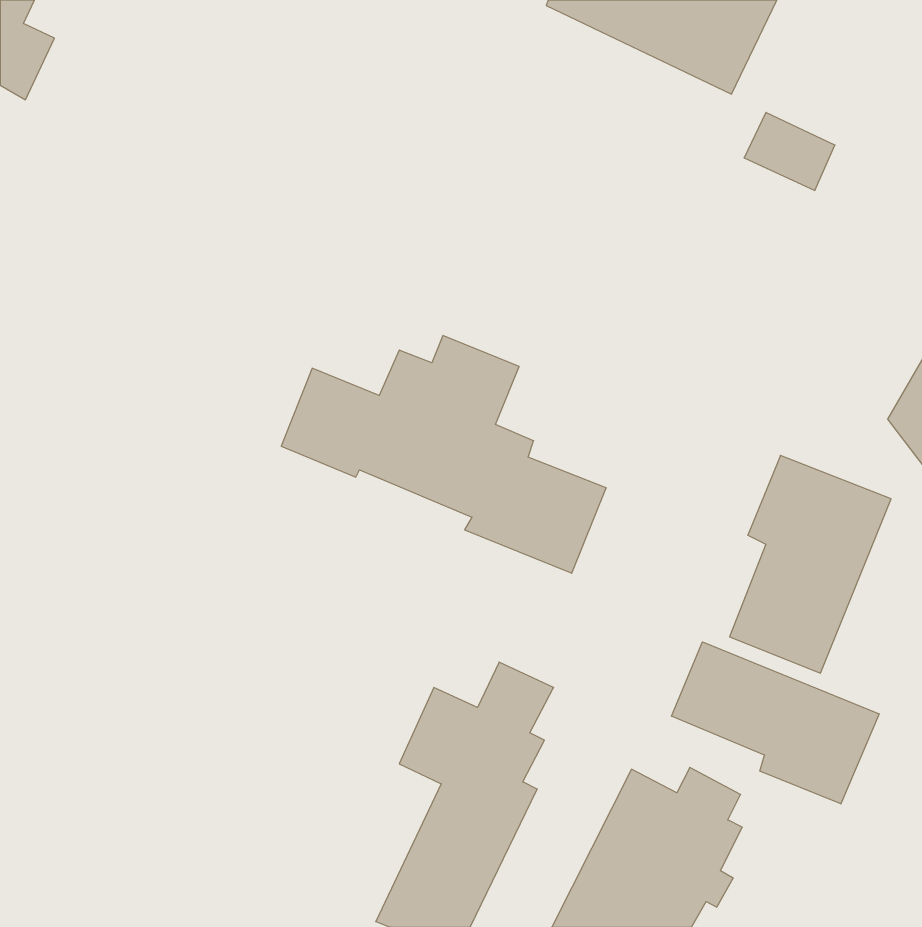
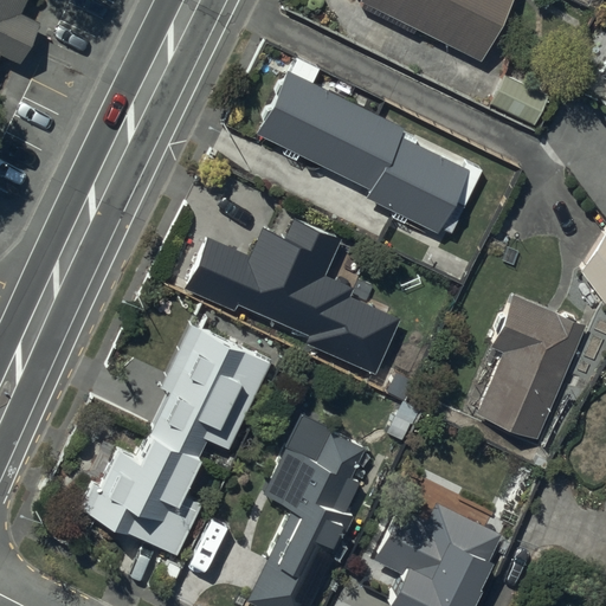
building: none -> [257,62,470,224]
building: none -> [79,323,270,555]
building: [672,642,879,804] -> none

